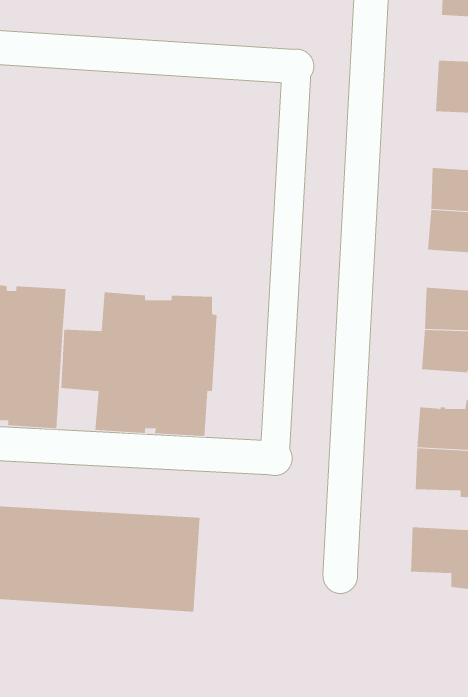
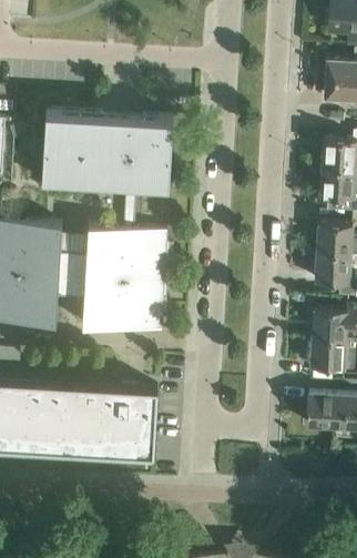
building: none -> [42,113,173,234]

